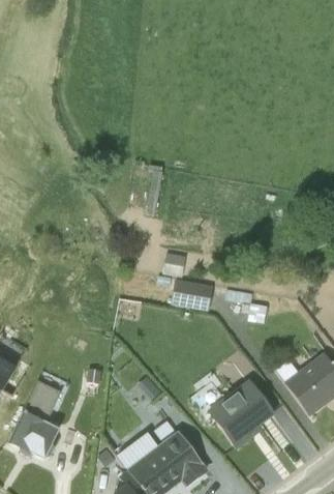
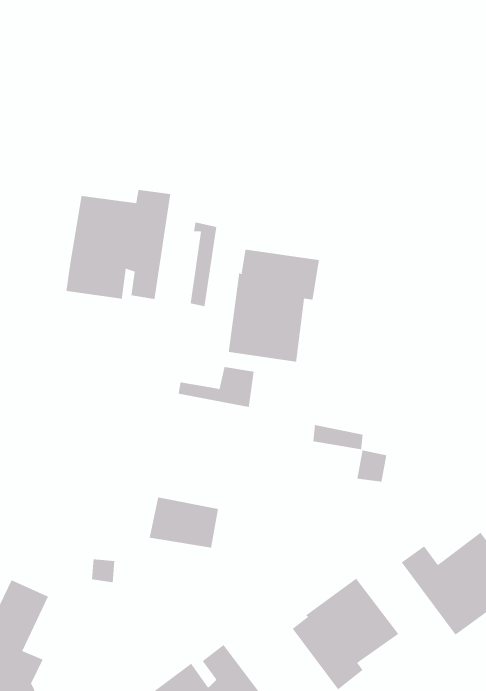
building: none -> [66,189,171,300]
building: none -> [228,249,320,363]
building: [172,279,214,310] -> [149,497,219,548]

